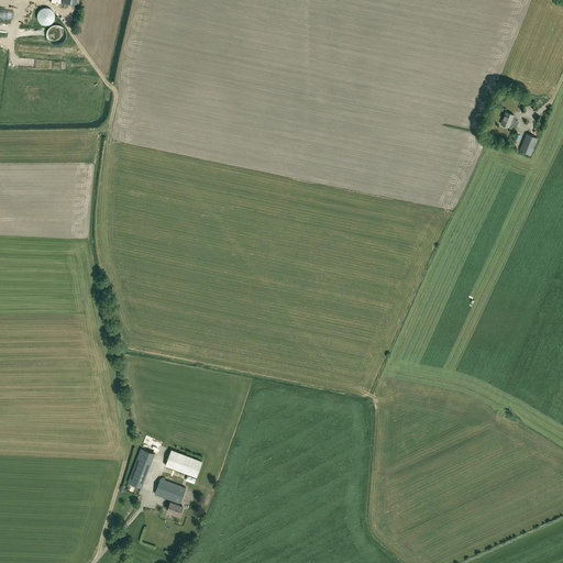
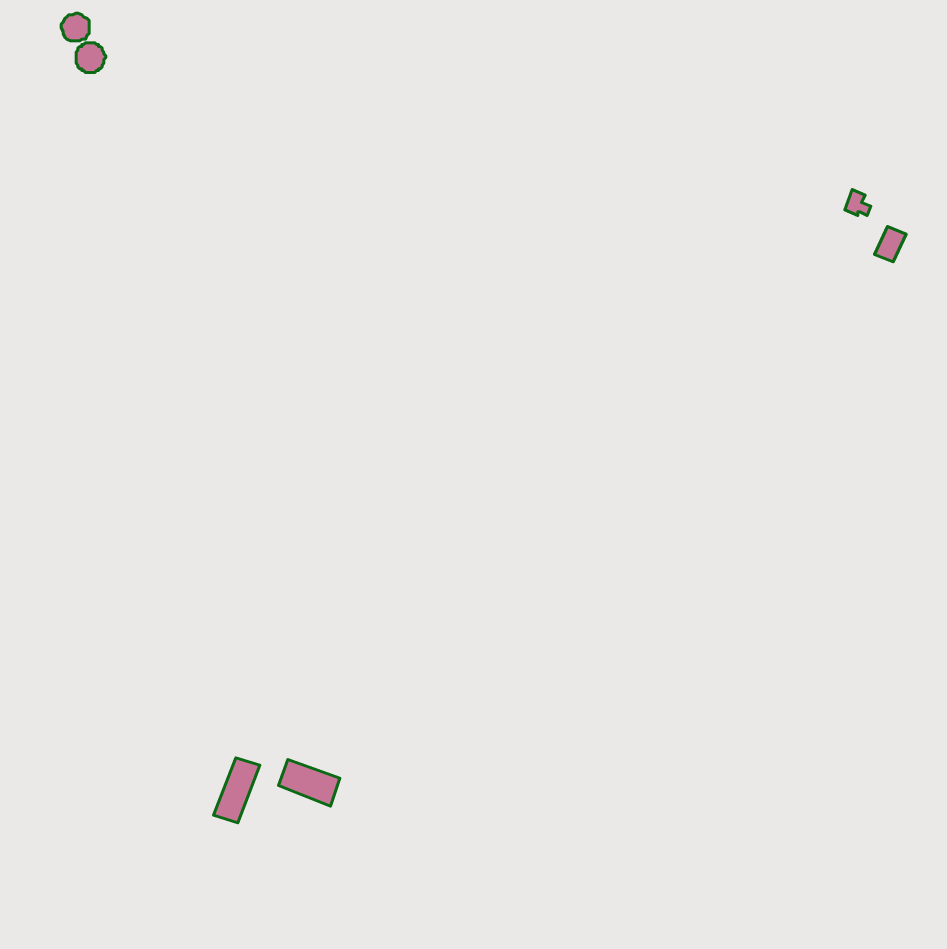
building: [154,478,185,516] -> none

